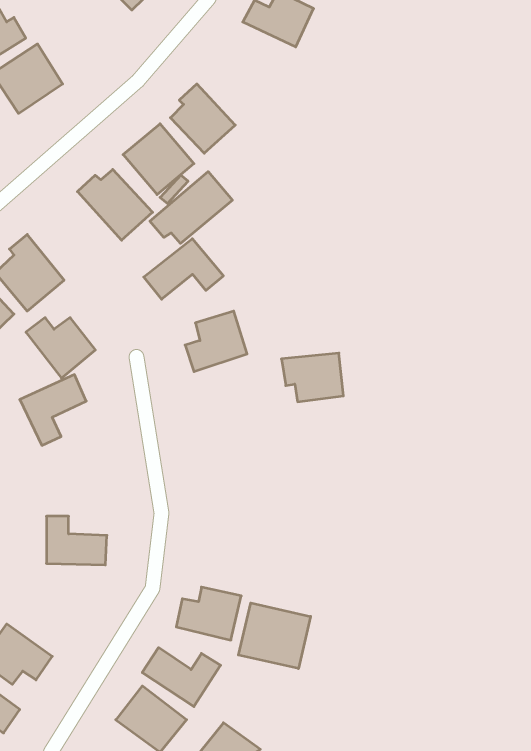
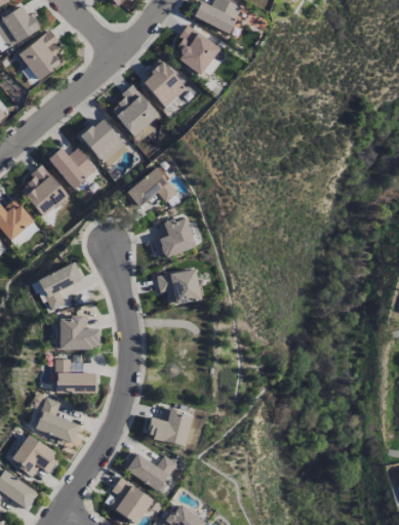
building: none -> [174,26,221,76]
building: [150,172,232,243] -> none
building: [26,318,95,378] -> [48,148,96,190]
building: [281,353,343,402] -> [157,271,200,305]
building: none -> [59,317,99,350]
building: none -> [36,398,82,444]
building: [238,603,311,669] -> none

